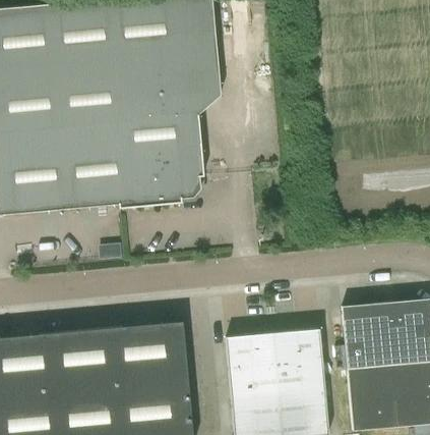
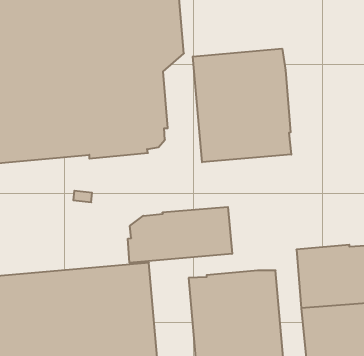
building: none -> [193,49,291,162]
building: none -> [128,207,232,263]

